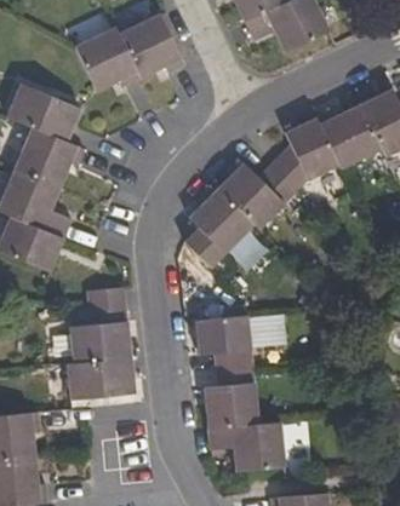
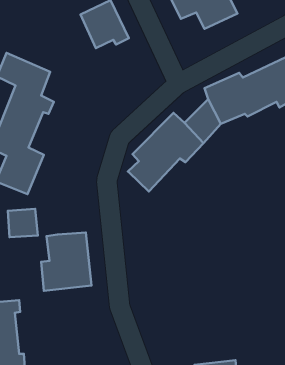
building: [75,28,141,88] -> none
building: [87,287,127,324] -> [8,209,38,237]
building: [195,312,285,470] -> none

